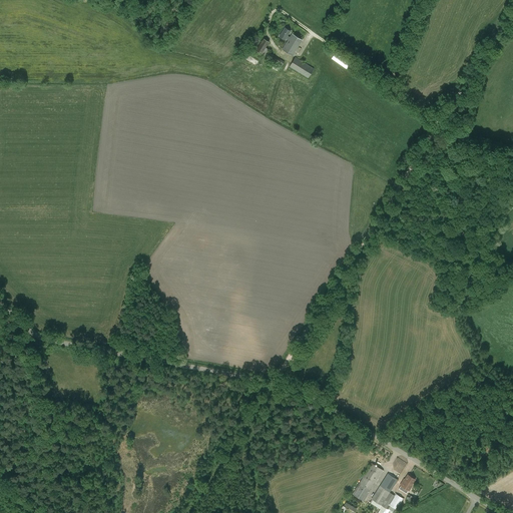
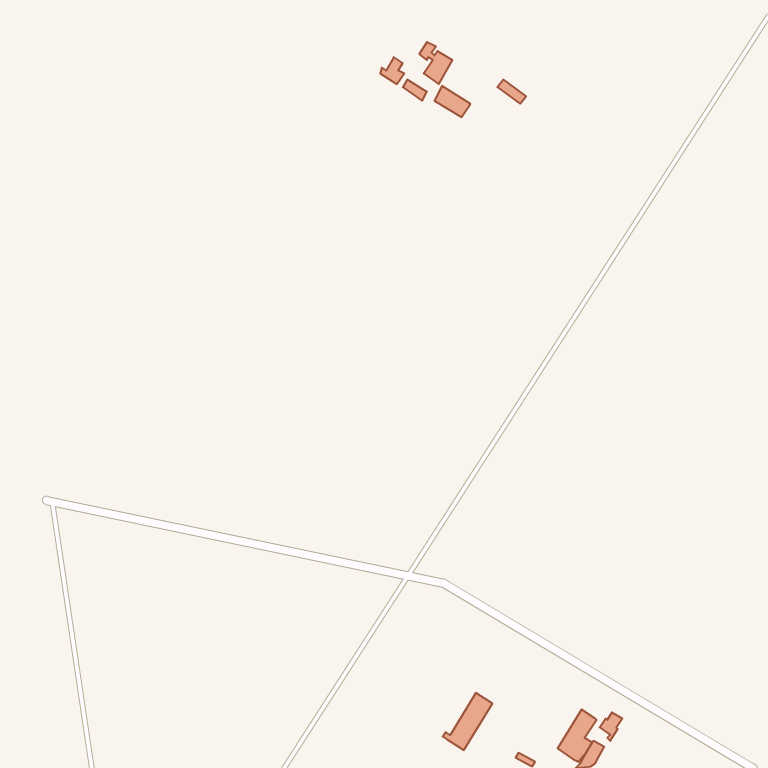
building: [350,463,383,501] -> [443,693,492,750]

